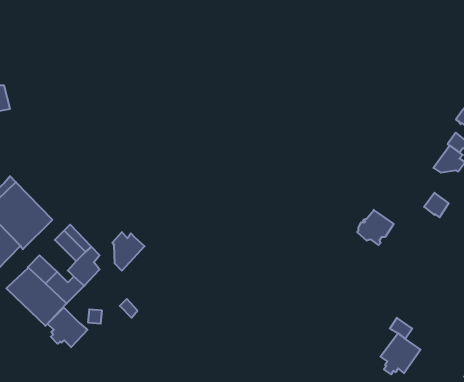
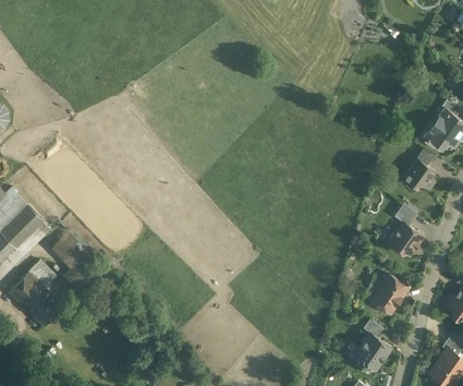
building: [357,210,394,245] -> [388,224,422,256]
building: [112,232,145,271] -> none
building: none -> [370,277,406,314]
building: [47,308,87,347] -> none

